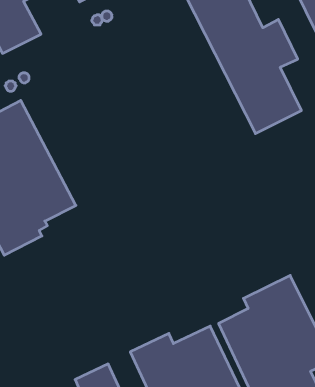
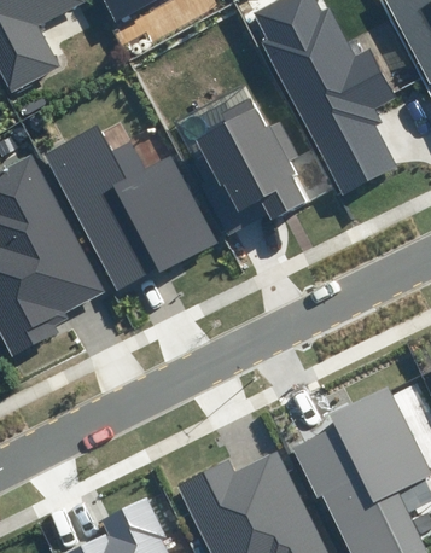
building: none -> [194,92,304,222]
building: none -> [41,124,216,293]

